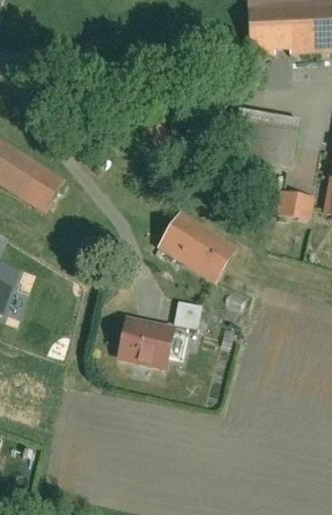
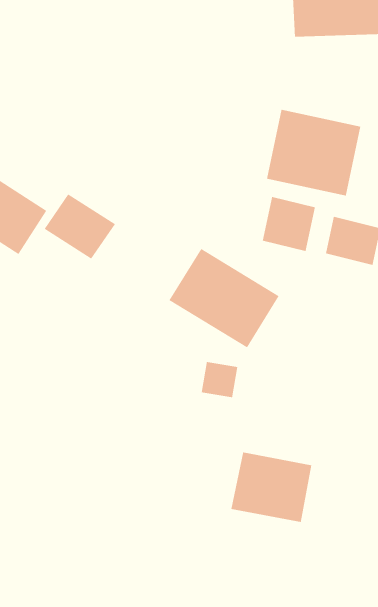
building: none -> [44,193,116,259]
building: none -> [262,196,316,252]
building: [116,314,177,367] -> [231,452,312,523]

